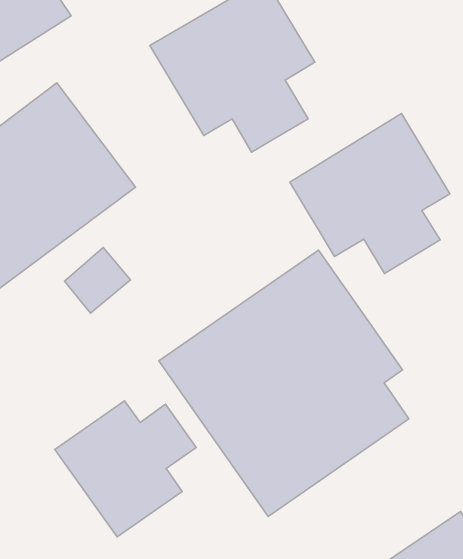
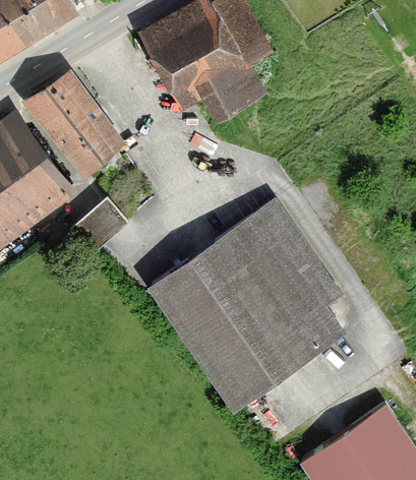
building: [290,114,450,274] -> none
building: [55,401,196,537] -> none

